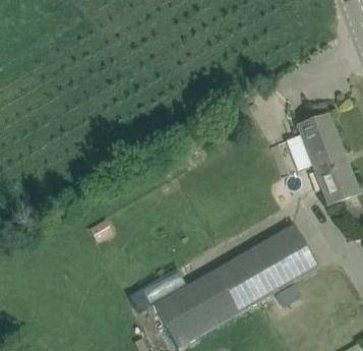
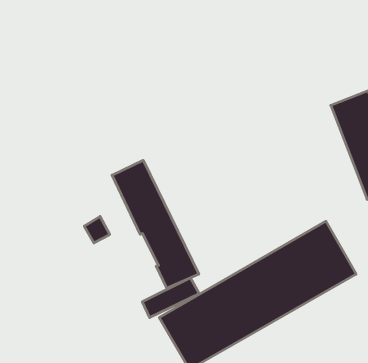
building: none -> [112,160,199,288]

